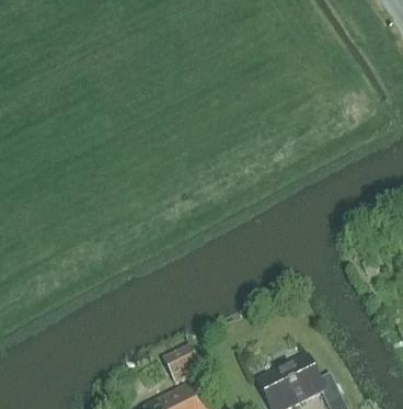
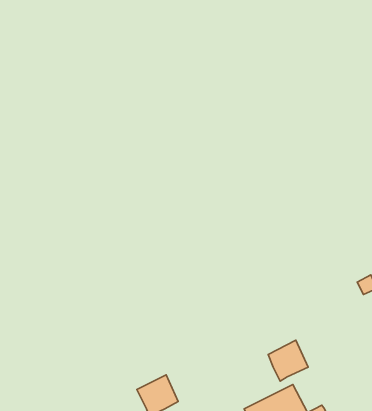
building: none -> [268,340,308,381]

